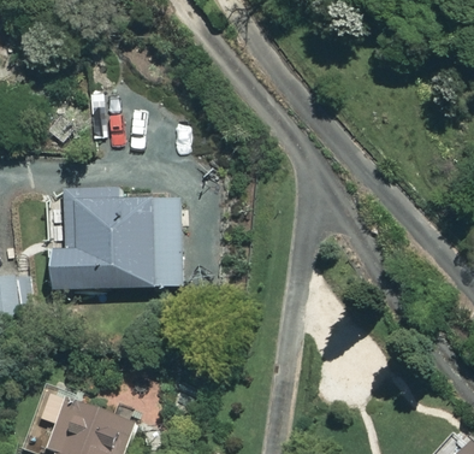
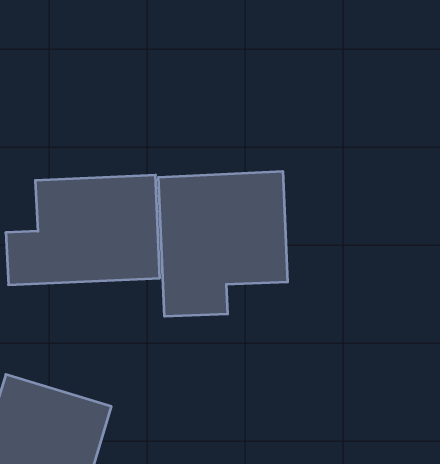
building: none -> [158,171,288,316]

